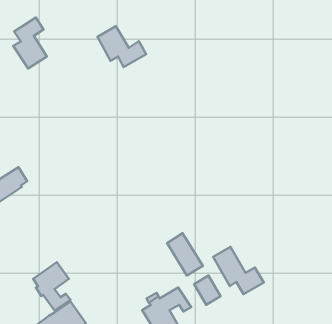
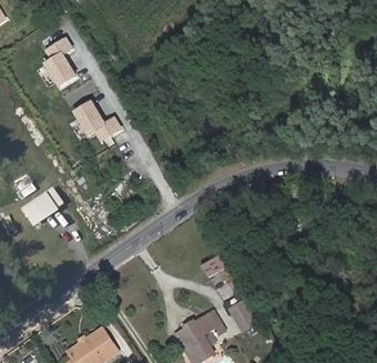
building: [97,26,146,67] -> [73,101,123,143]
building: [213,247,264,294] -> none
building: [33,262,71,310] -> none

